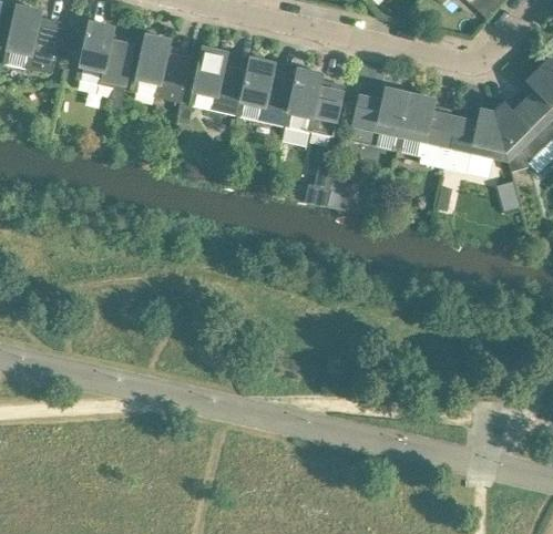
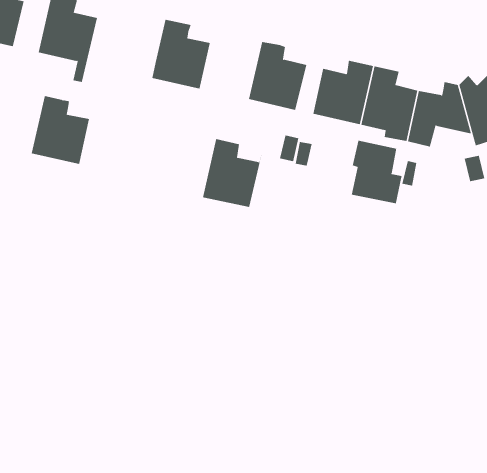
building: [132,32,191,101] -> [31,96,90,165]
building: [237,55,298,124] -> [202,138,263,208]
building: none -> [351,140,402,204]

